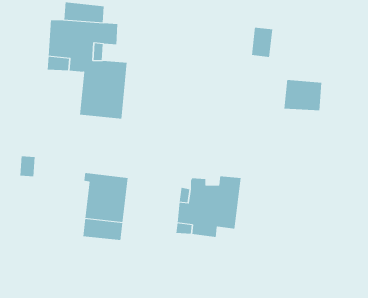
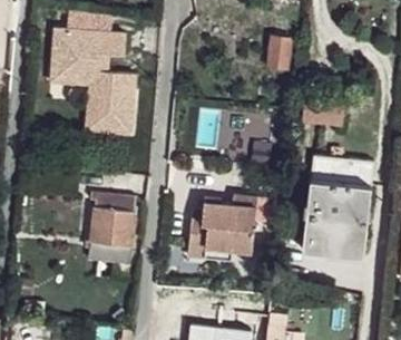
building: none -> [303,156,374,258]

